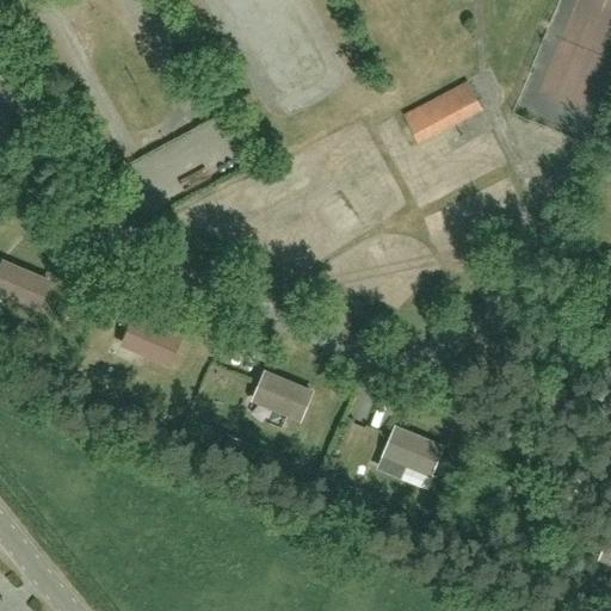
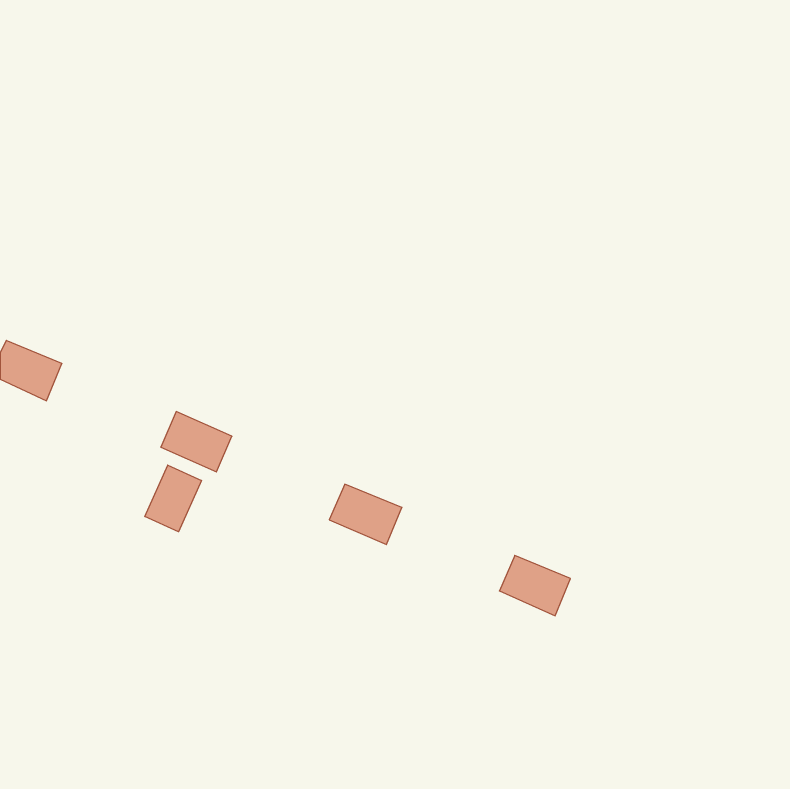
building: [403,81,482,143] -> none
building: none -> [145,465,201,532]

